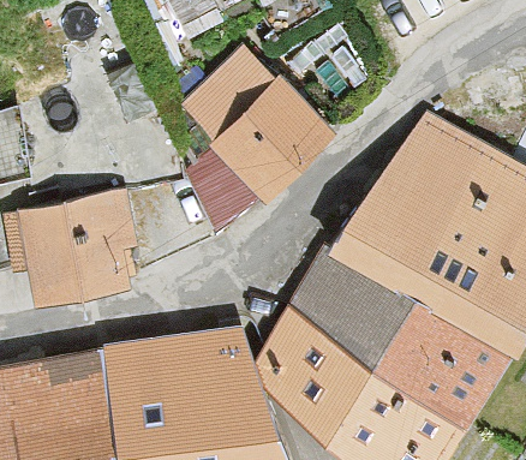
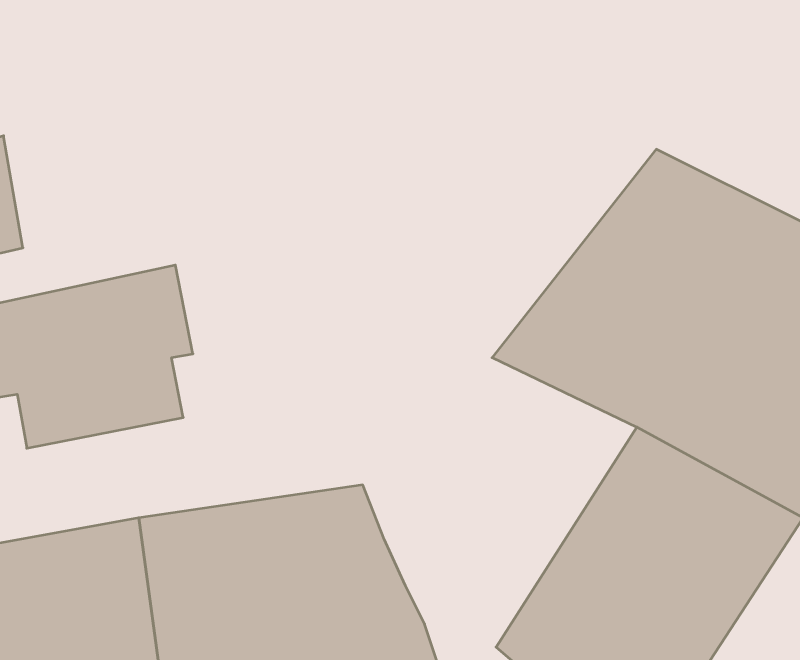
building: [180,49,337,202] -> none
building: [257,247,414,428] -> none

